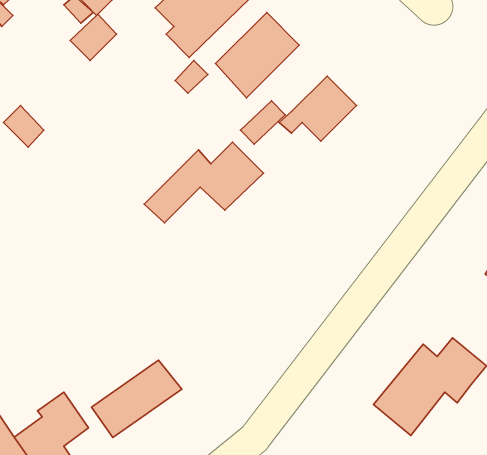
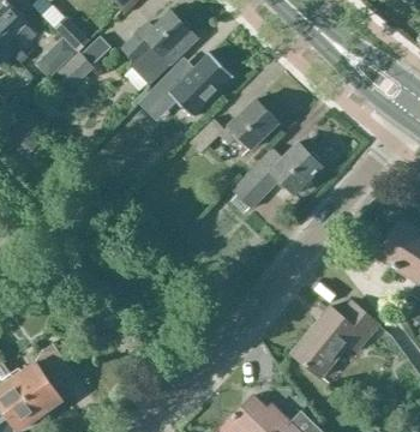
building: [144,142,264,223] -> [230,143,323,205]
building: [91,360,182,438] -> none

